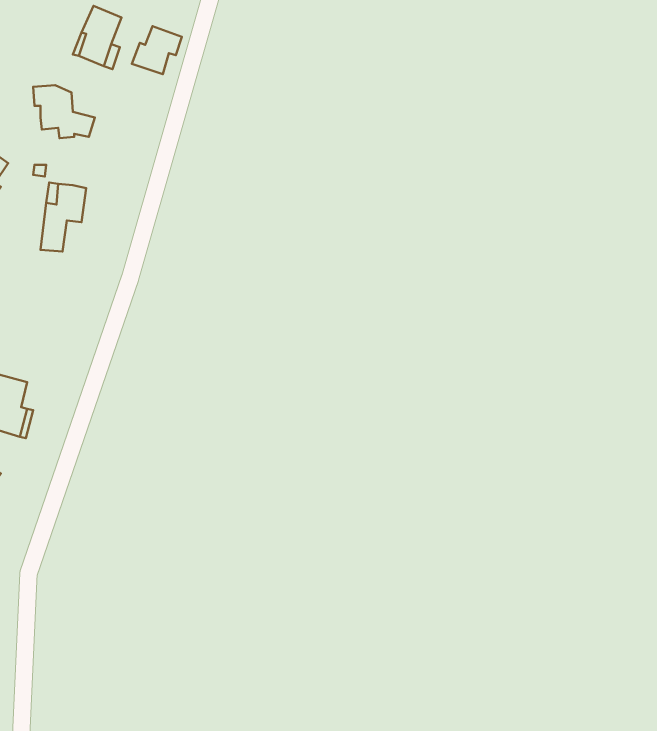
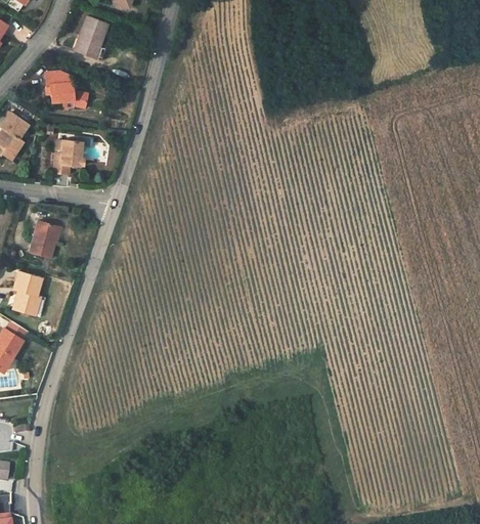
building: [132,26,182,74] -> none
building: none -> [30,221,58,257]

